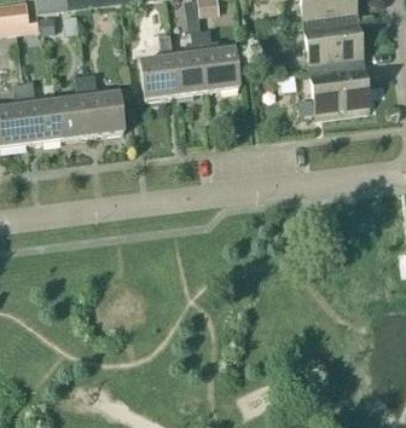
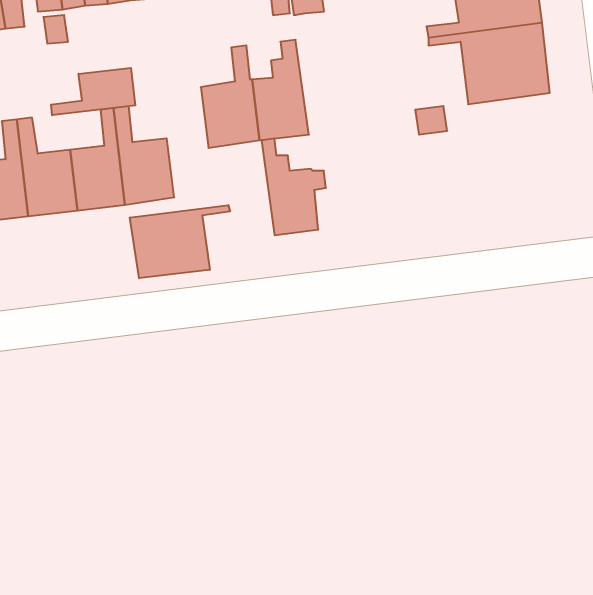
building: [201,28,242,89] -> [261,139,326,235]
building: none -> [51,68,135,115]
building: [311,63,369,116] -> none
building: none -> [130,205,230,278]

